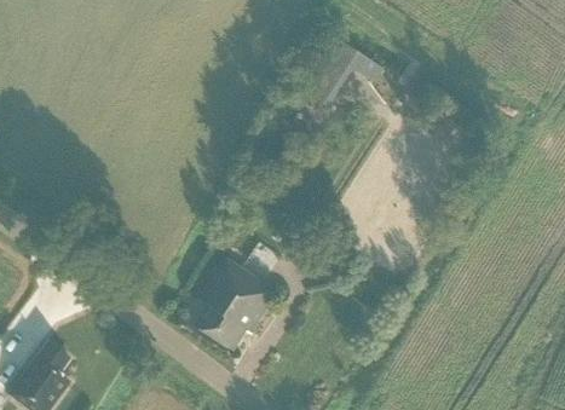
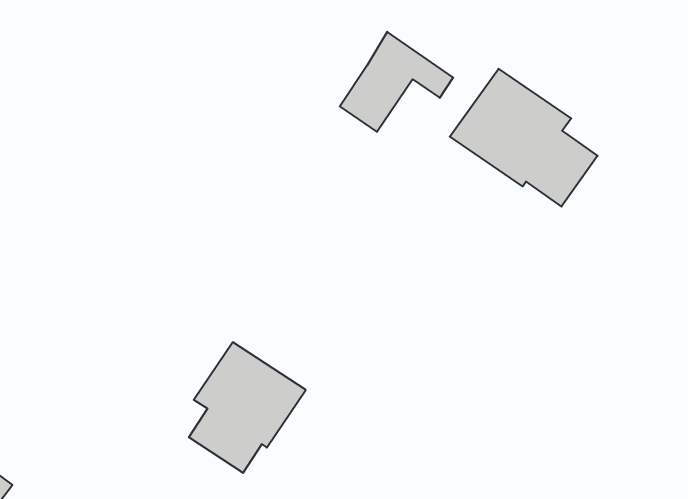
building: none -> [450,69,598,207]

